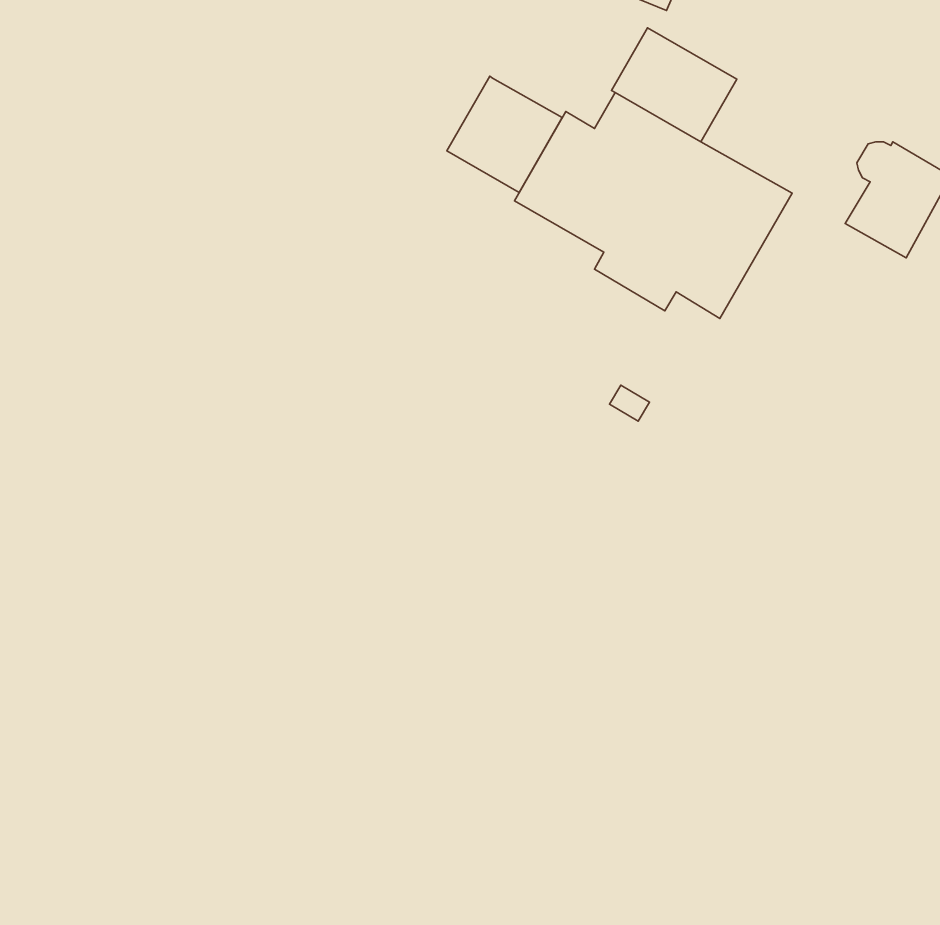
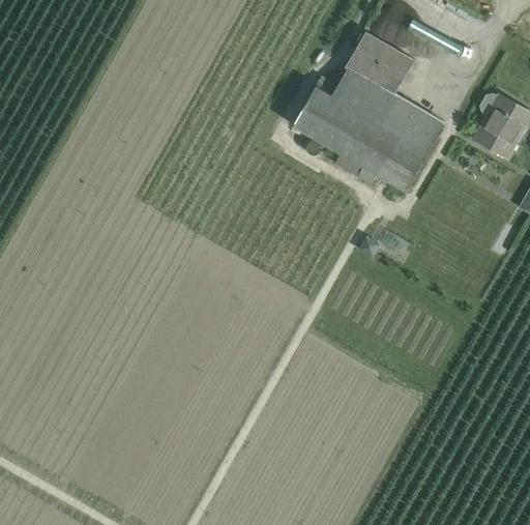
building: [447,76,562,192] -> none

